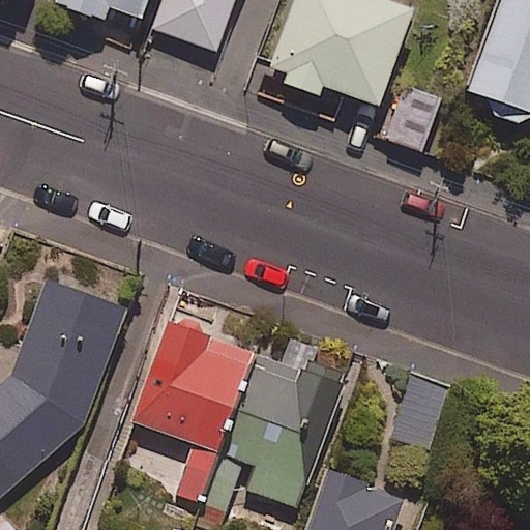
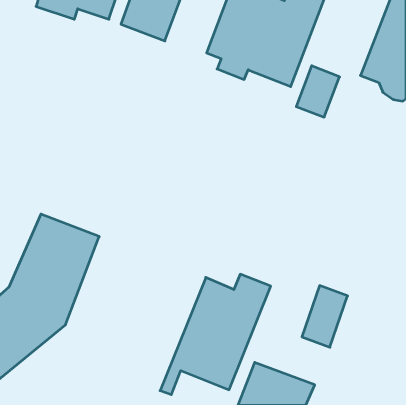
building: [132,316,256,495] -> none

